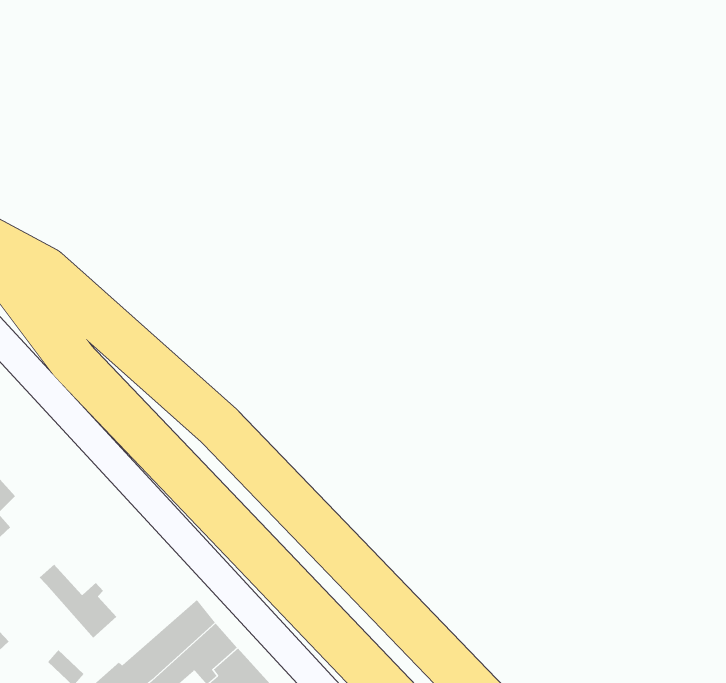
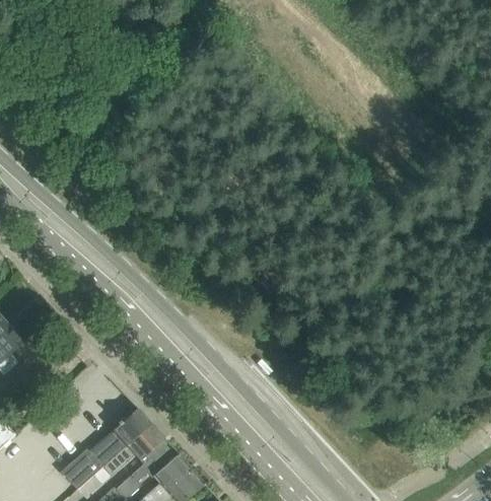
building: [39,564,117,639] -> none

